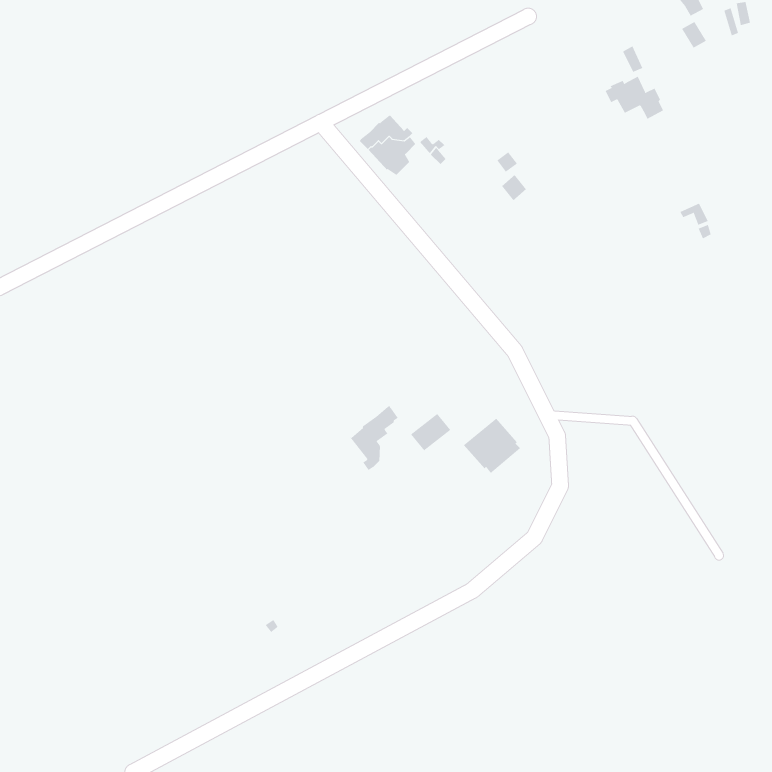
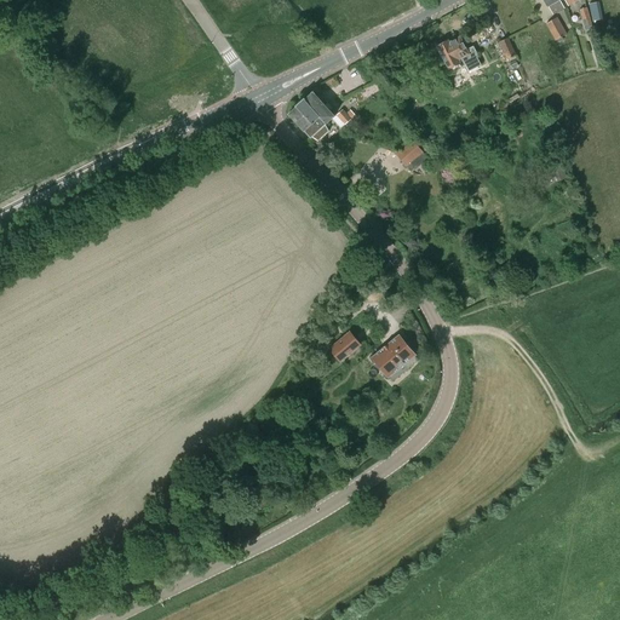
building: [605,76,664,120] -> [432,36,480,71]
building: [349,405,399,471] -> none

